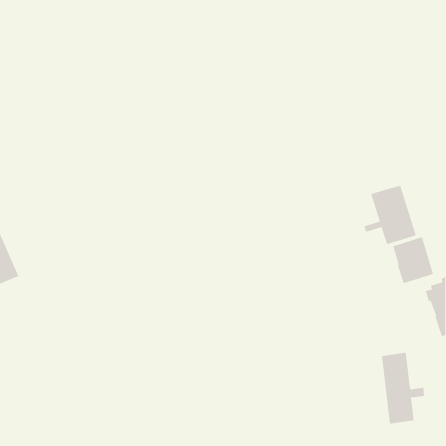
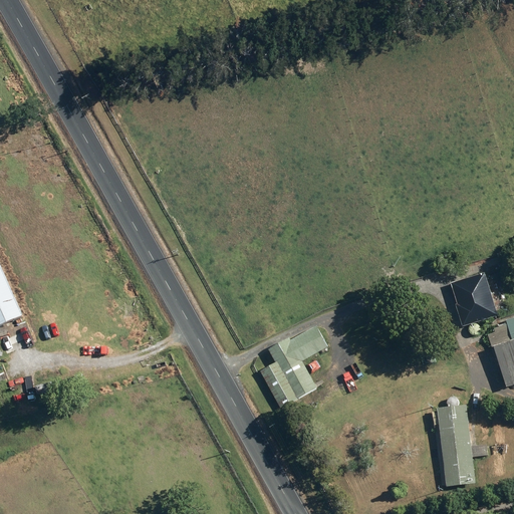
building: [364,185,416,245] -> none
building: none -> [259,324,327,408]

